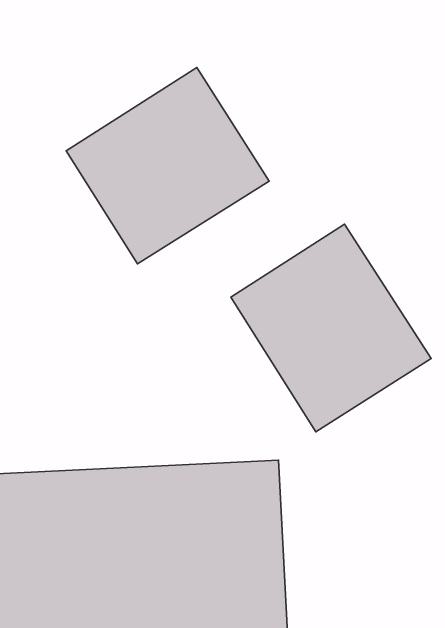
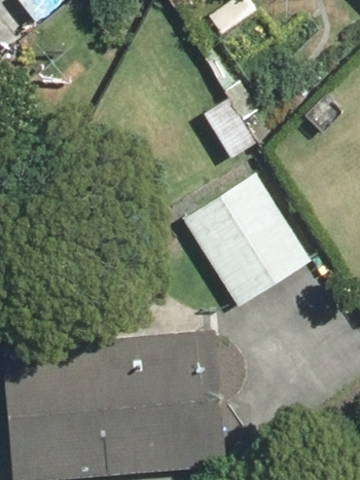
building: [66,67,269,264] -> none

